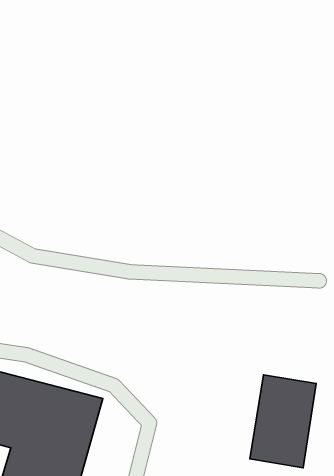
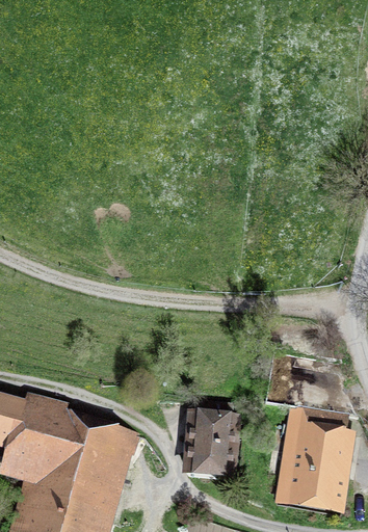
building: none -> [192,404,243,475]

